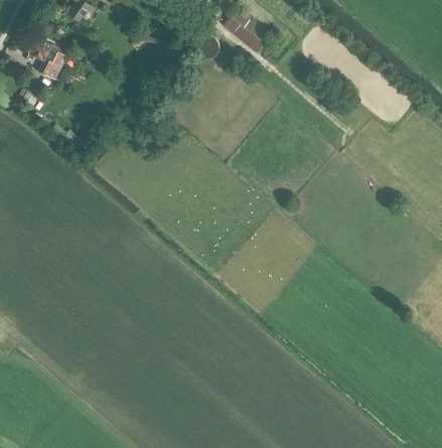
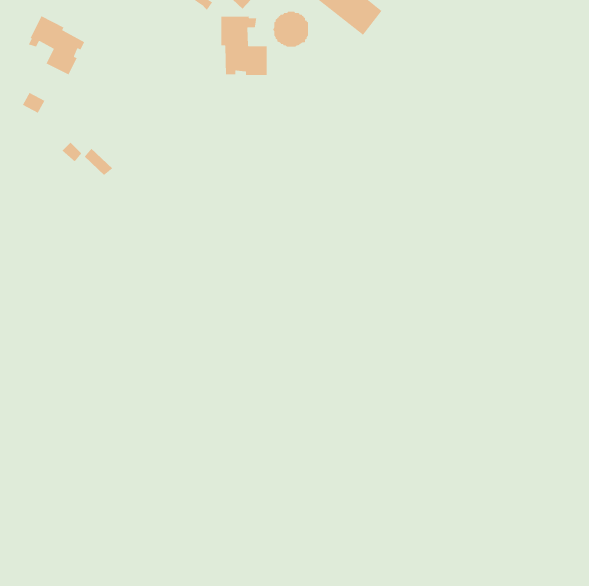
building: none -> [221,16,267,76]

